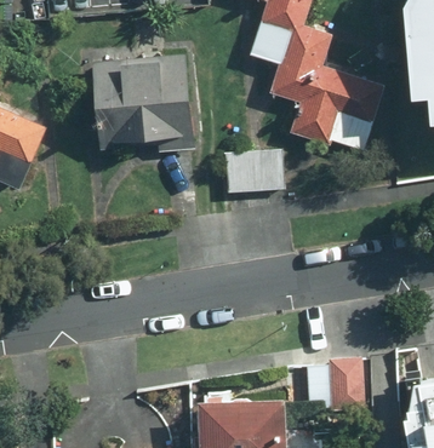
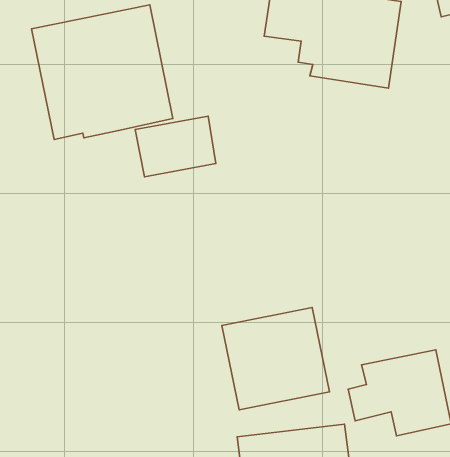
building: [227,150,285,189] -> [135,116,216,177]
building: none -> [222,308,329,410]

